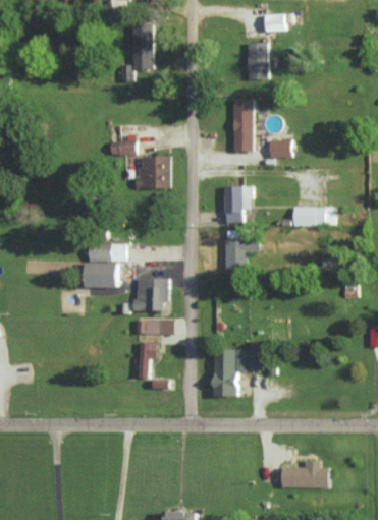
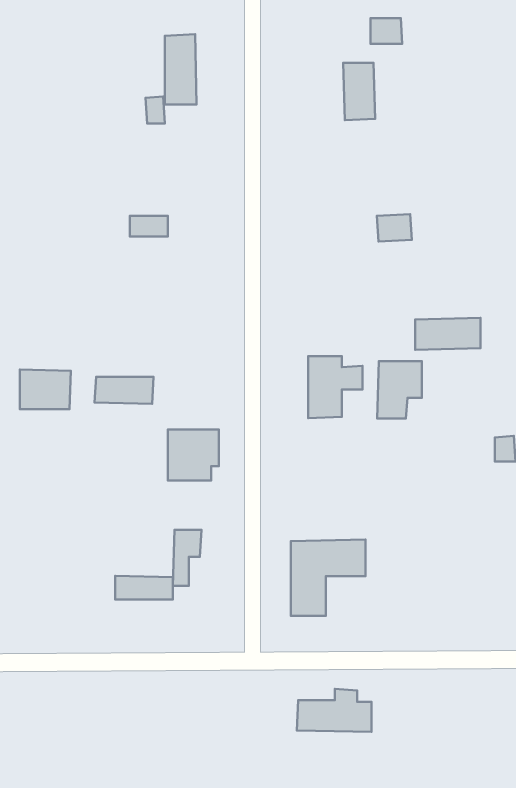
building: [232,101,252,154] -> none
building: [136,156,169,188] -> none
building: [223,186,252,223] -> [377,361,422,418]
building: [84,262,116,287] -> [20,369,71,409]
building: [136,320,172,335] -> [115,576,173,600]
building: [280,461,328,488] -> [297,689,372,732]

